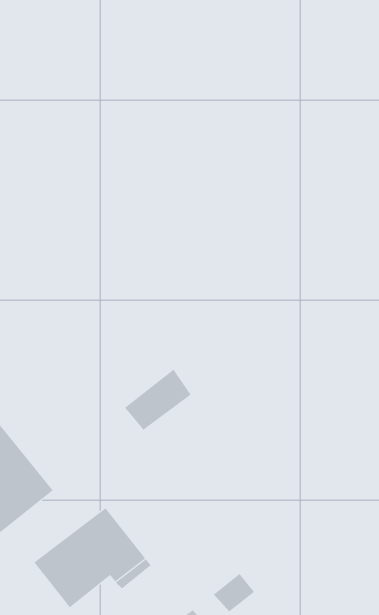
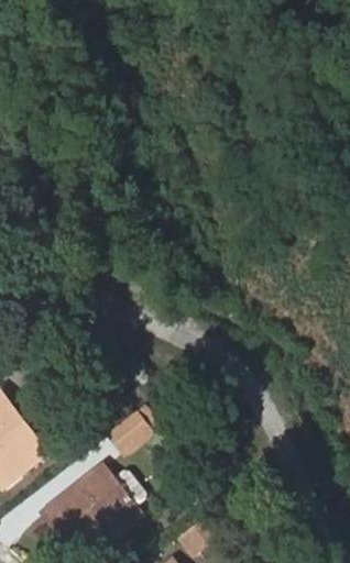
building: [124,369,191,431] -> [100,406,155,456]

